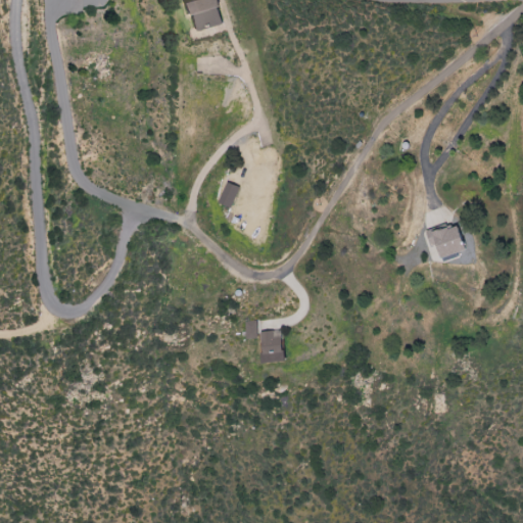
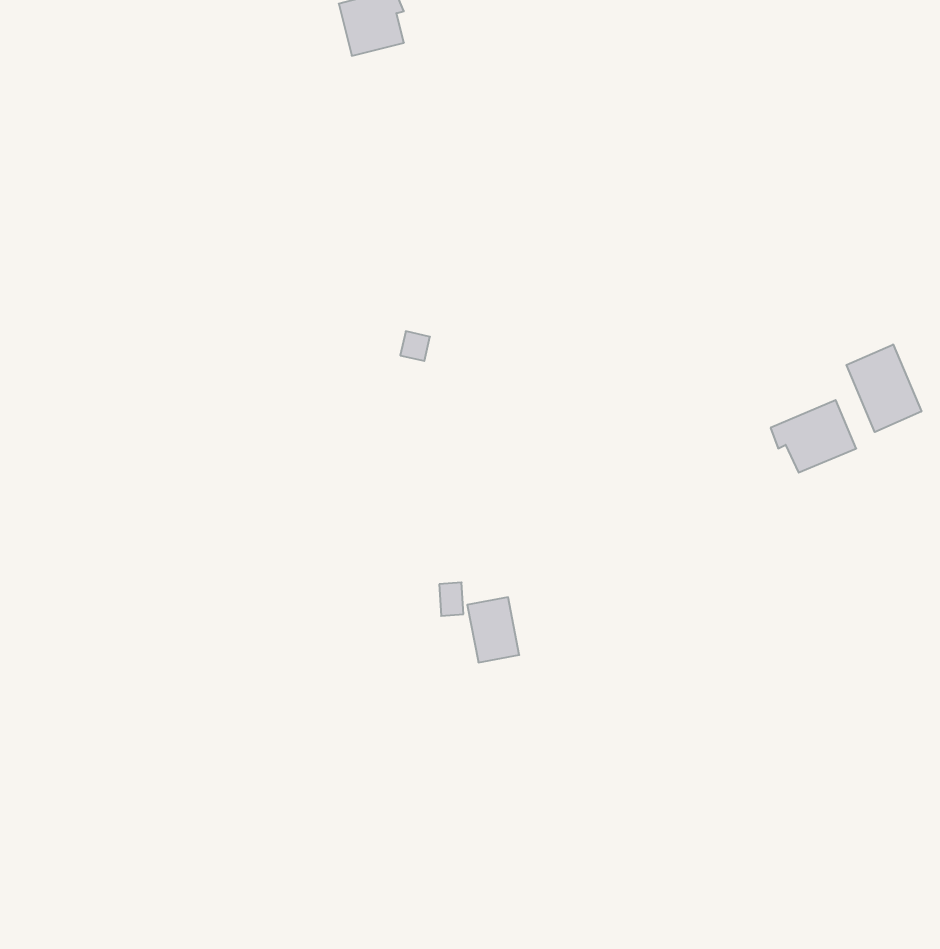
building: none -> [846,344,921,432]

